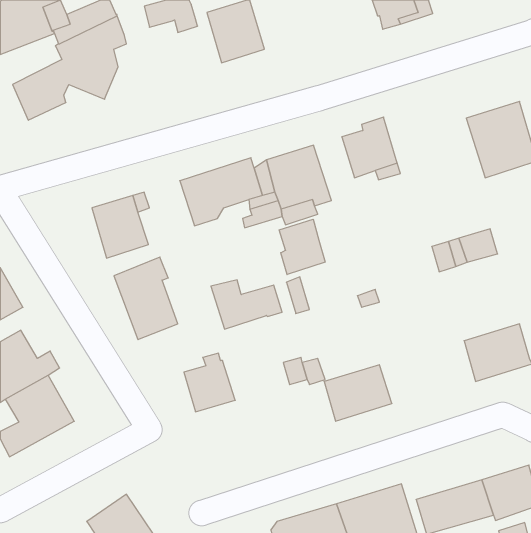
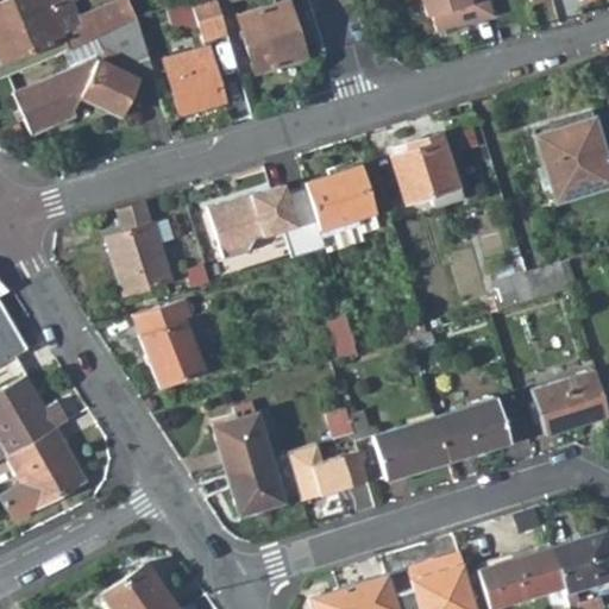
building: none -> [167,49,227,117]
building: [279,219,325,275] -> none
building: [211,280,282,329] -> [288,445,369,501]
building: none -> [435,397,510,460]
building: none -> [226,457,284,515]

